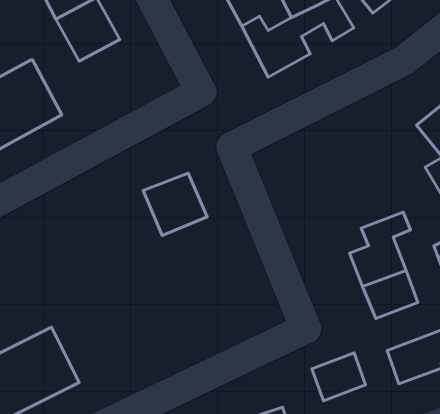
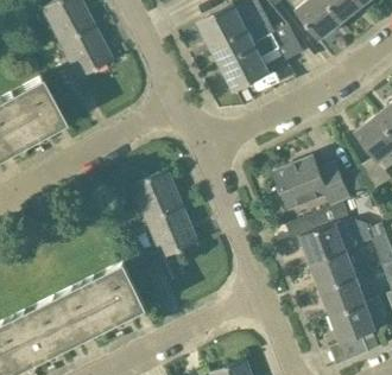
building: none -> [276,157,348,206]
building: none -> [146,206,198,282]
building: none -> [56,262,147,342]
building: [312,353,366,401] -> [321,277,365,316]

